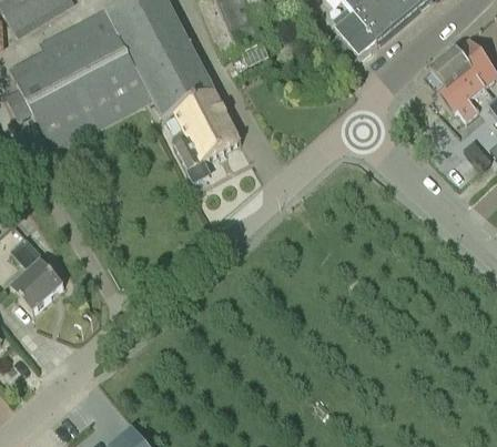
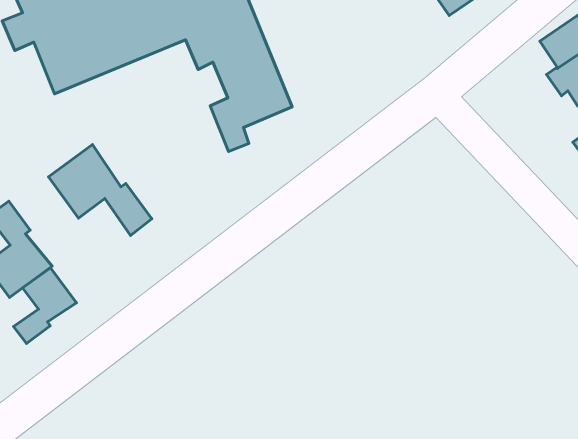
building: none -> [49,145,152,235]
building: none -> [13,268,76,343]

